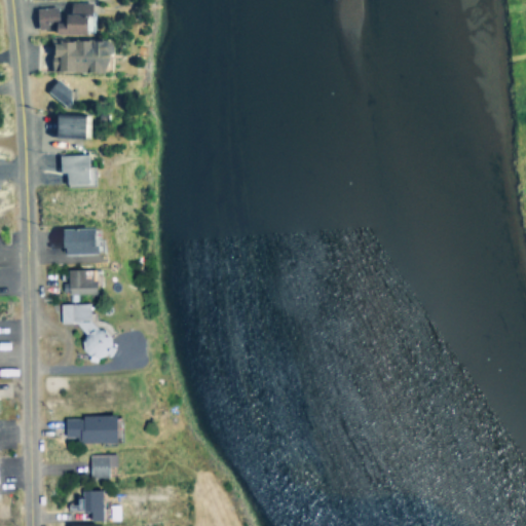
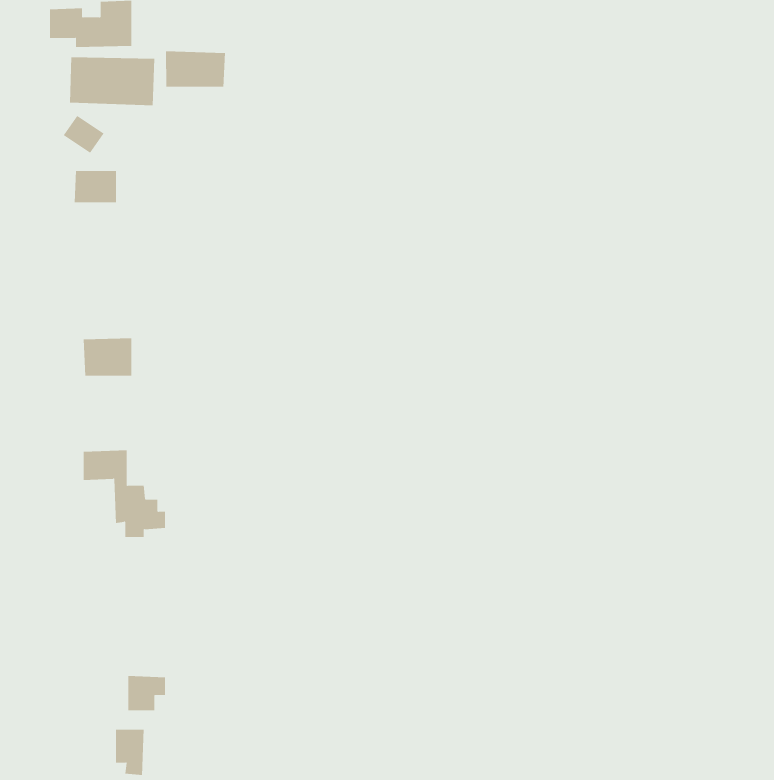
building: none -> [165,50,226,87]
building: [62,155,98,186] -> none
building: [66,270,97,295] -> none
building: [65,417,115,445] -> none

